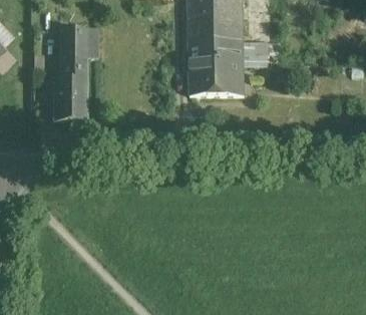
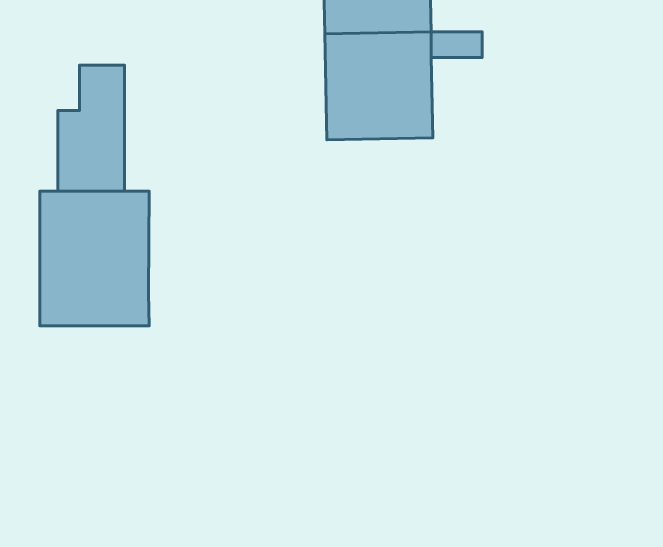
building: [62,28,96,57] -> none
building: none -> [40,191,149,326]

